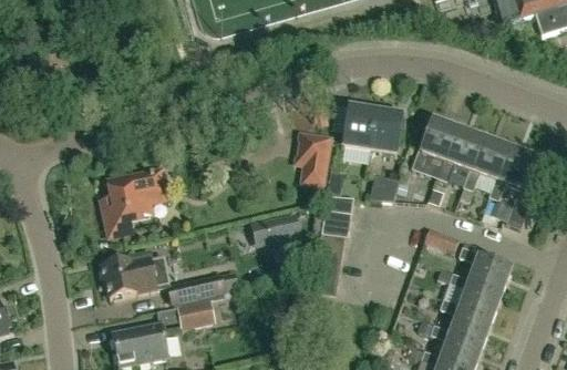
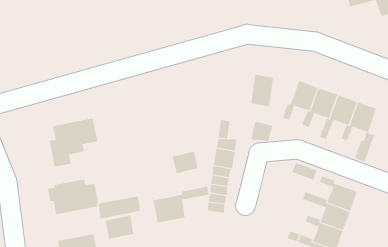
building: [341,106,374,150] -> none
building: [295,130,332,187] -> none
building: none -> [153,186,209,223]

